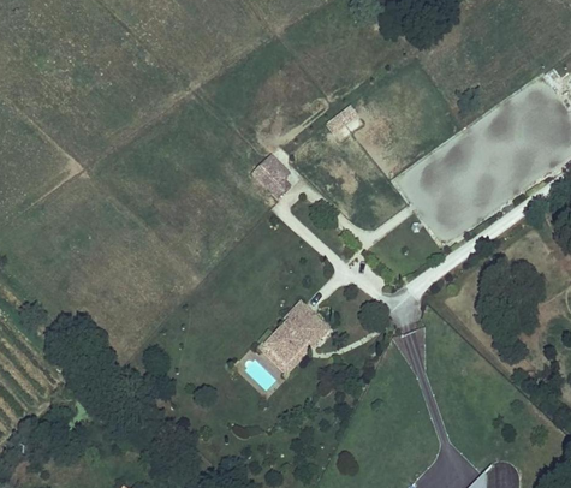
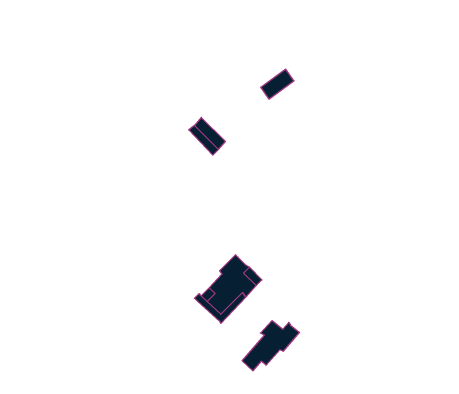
building: none -> [242,321,299,371]

